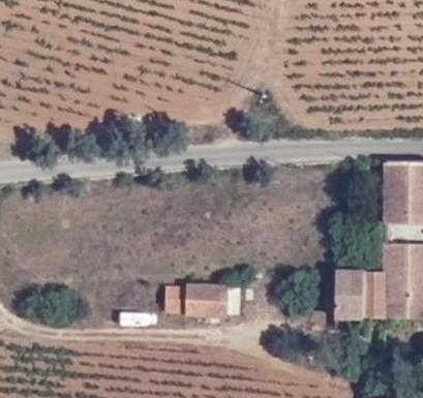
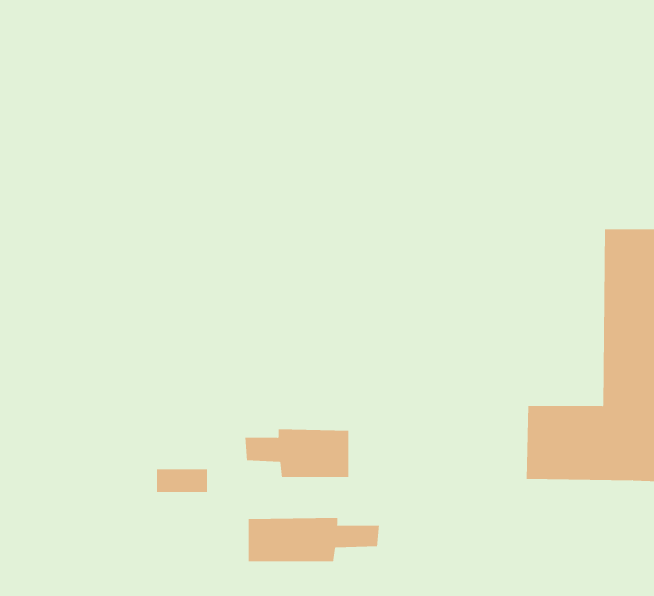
building: none -> [248,517,379,562]

